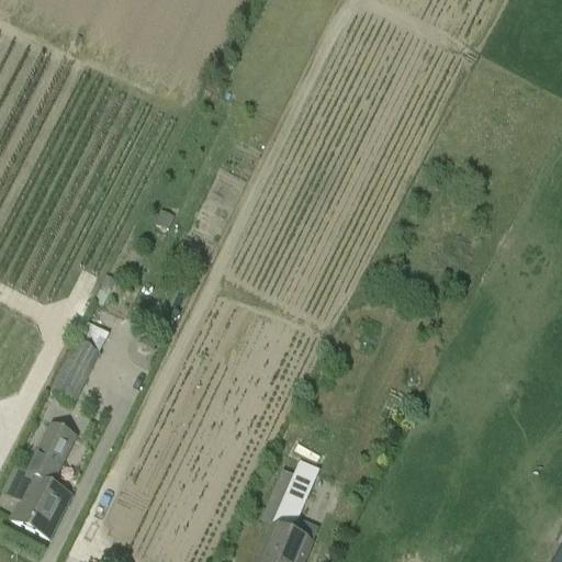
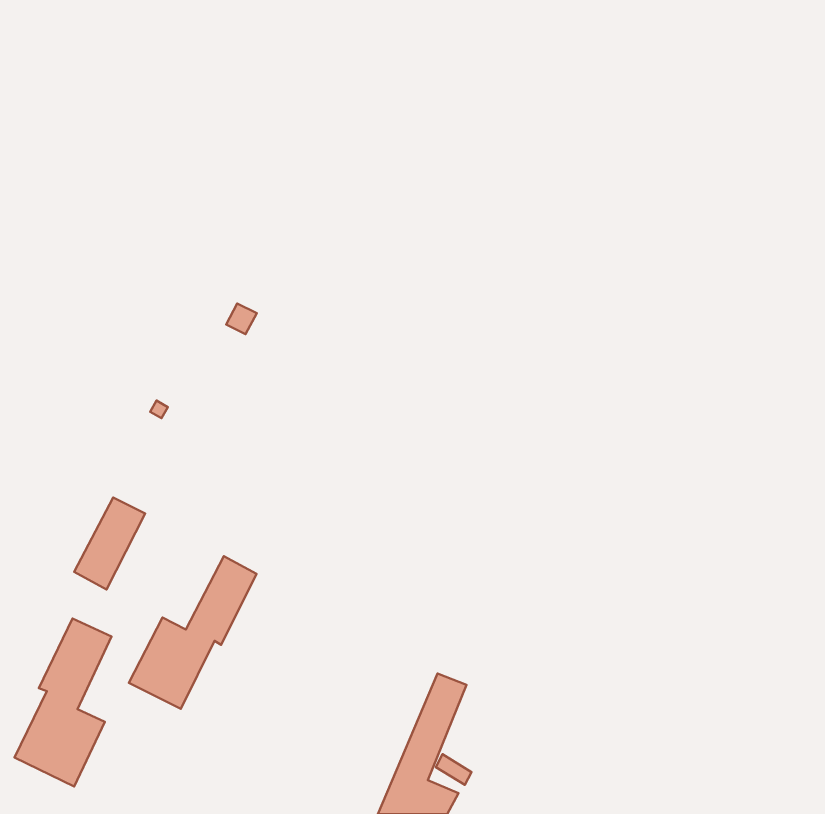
building: none -> [129,556,257,709]

